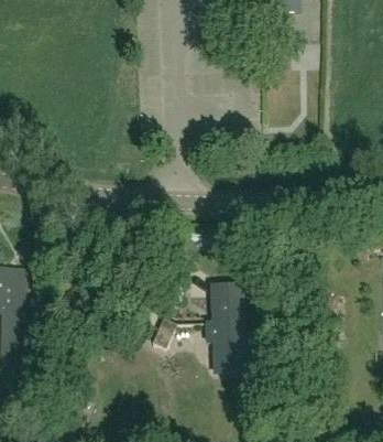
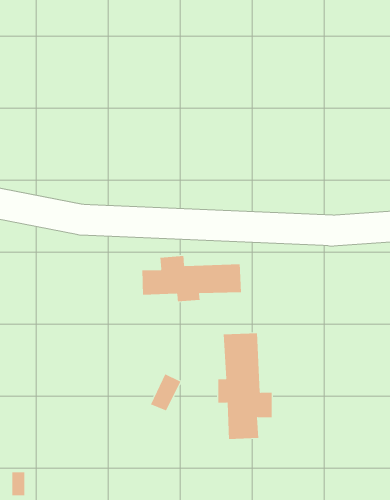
building: none -> [142,255,241,302]

